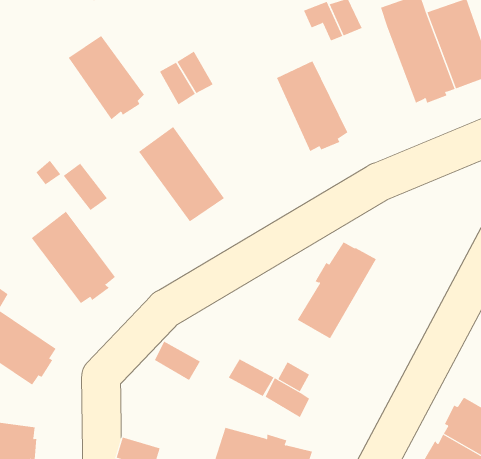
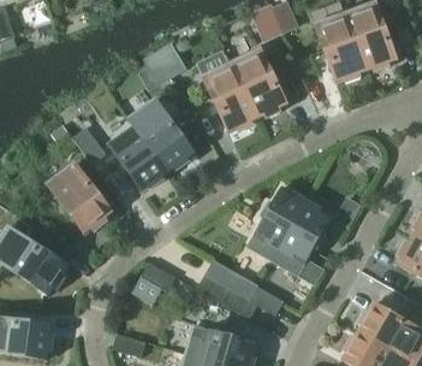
building: [68,35,145,120] -> [109,126,167,190]
building: none -> [203,63,257,131]
building: none -> [273,199,332,273]

